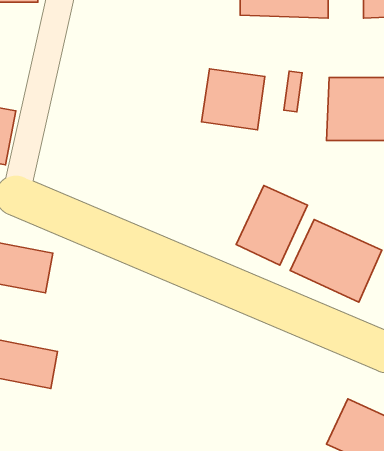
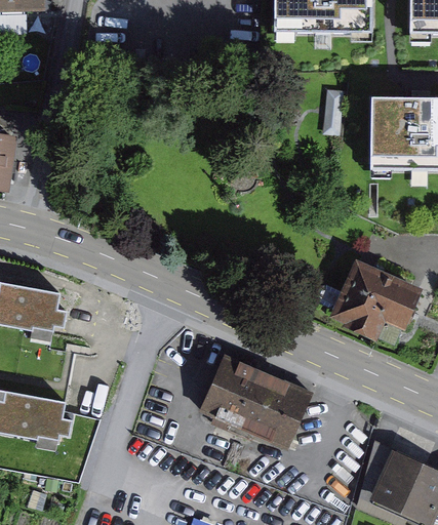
building: [201,69,265,130] -> none
building: [236,186,307,265] -> none
building: none -> [207,356,316,446]

